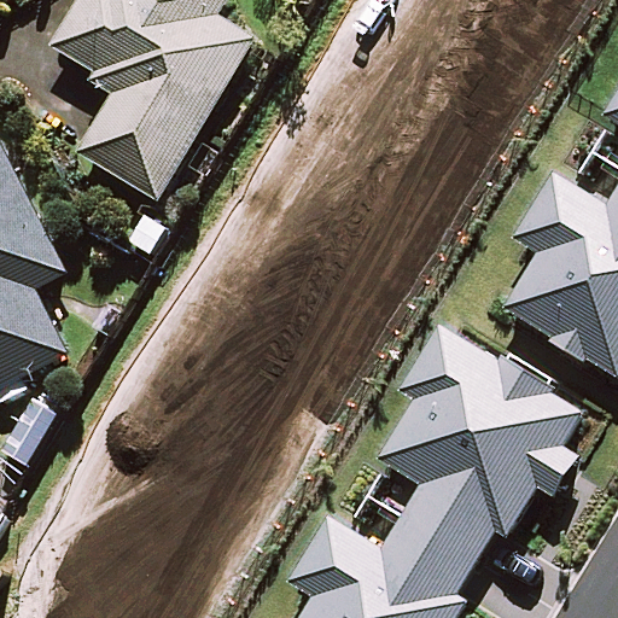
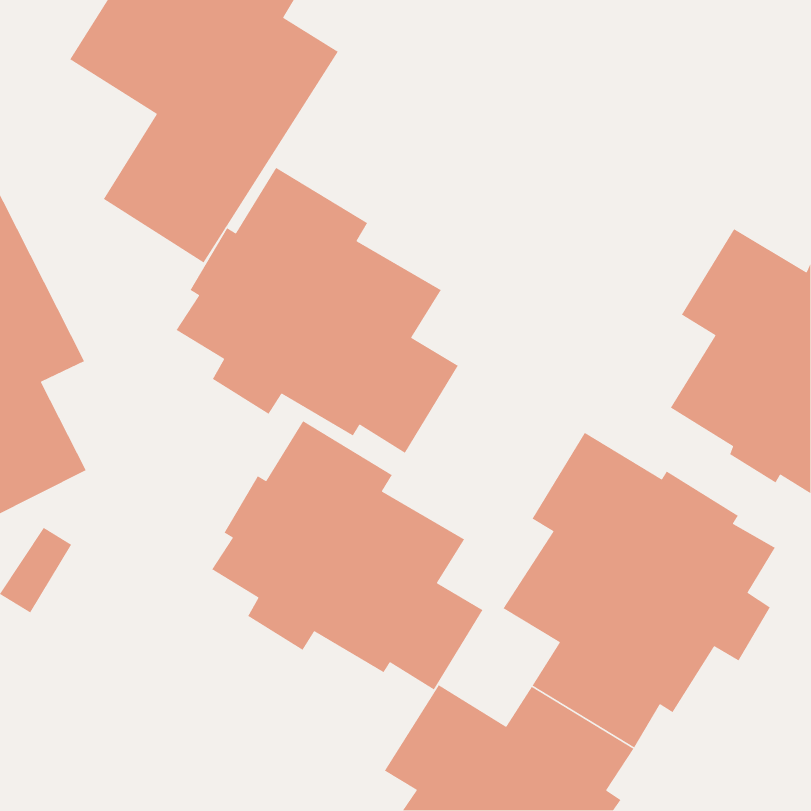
building: none -> [176,167,459,454]
building: none -> [211,420,484,691]

